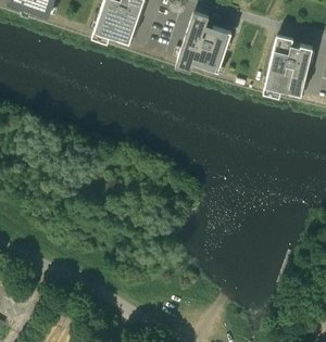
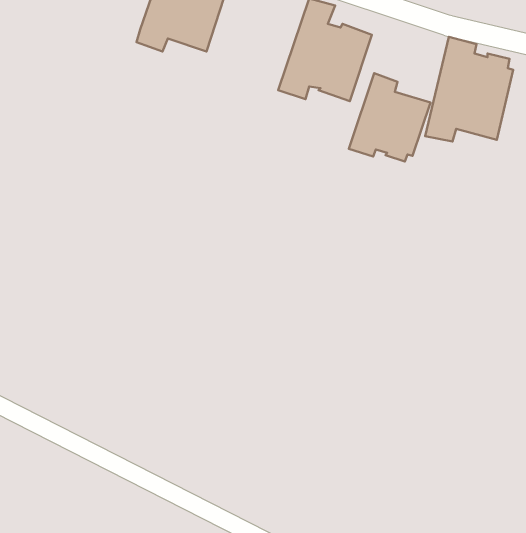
building: none -> [349,73,430,162]

